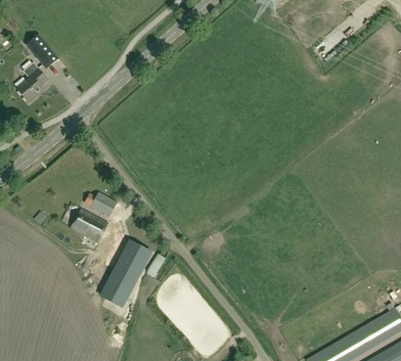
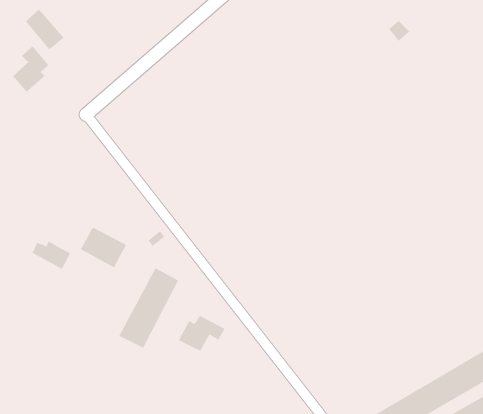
building: [84,192,116,216] -> [32,240,71,270]
building: none -> [178,315,226,352]

